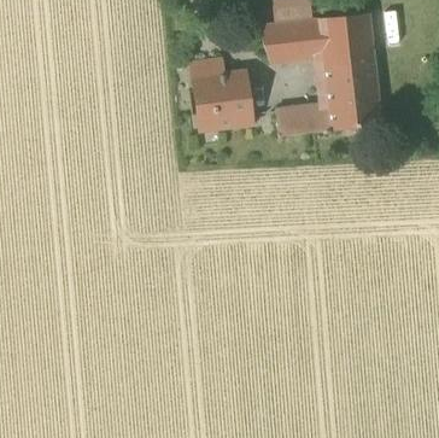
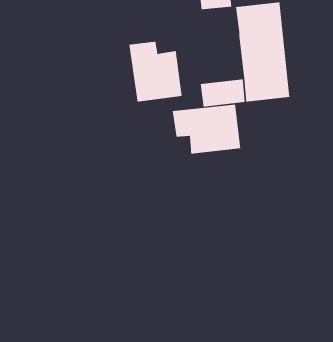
building: [258,17,320,57] -> none
building: none -> [172,104,241,155]

